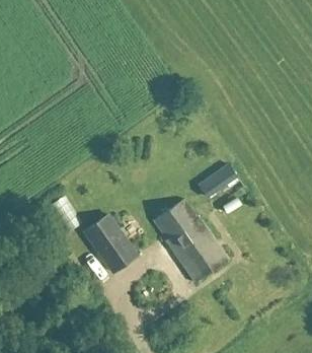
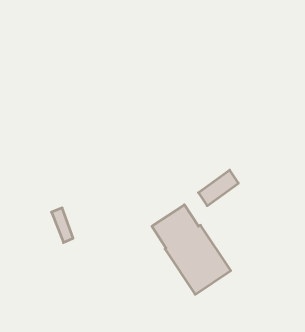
building: [83,217,136,275] -> none

